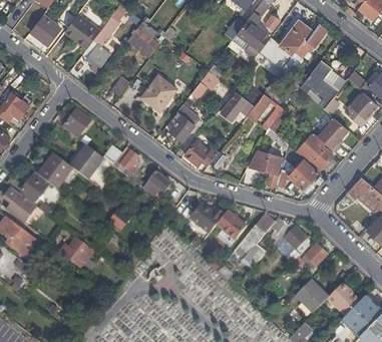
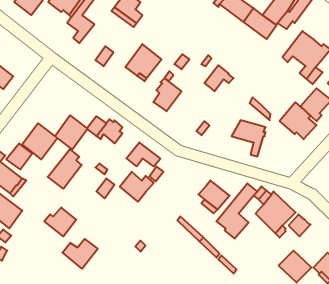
building: [247,92,283,120] -> none
building: [62,108,91,137] -> none
building: [184,140,218,165] -> none
building: [289,159,318,189] -> none
building: none -> [48,149,82,189]
building: [188,204,223,234] -> [120,172,154,202]
building: none -> [62,239,98,269]

